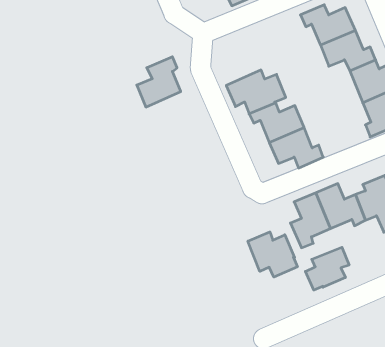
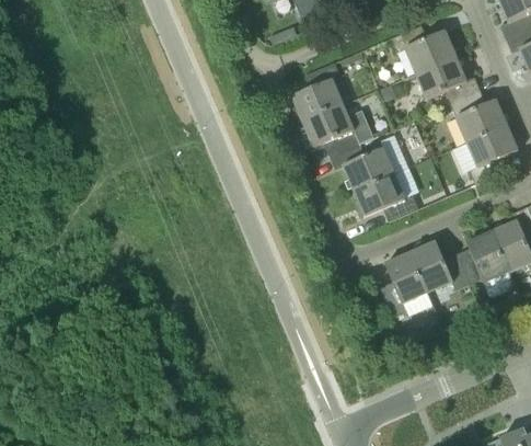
building: [137,57,181,107] -> [291,62,344,123]
building: [248,232,297,277] -> none
building: [305,247,349,290] -> none

